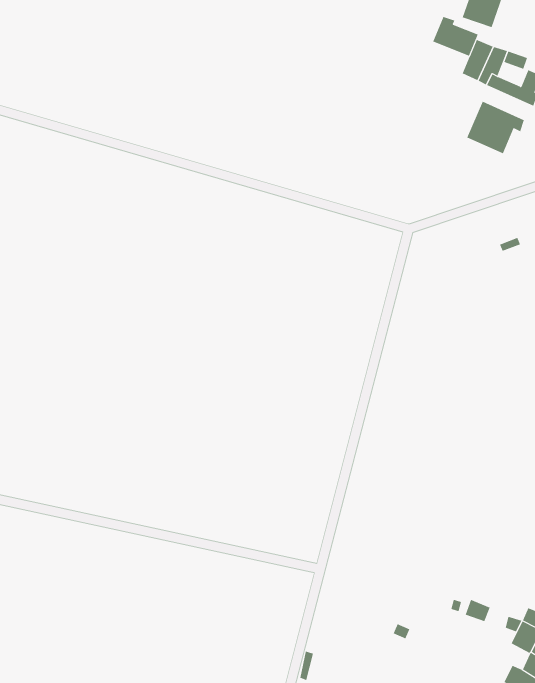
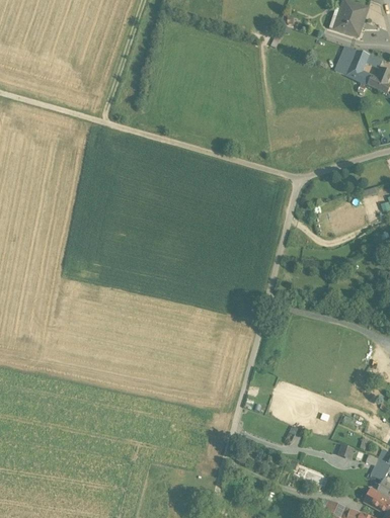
building: [433,16,478,57] -> none
building: [466,101,524,154] -> none

